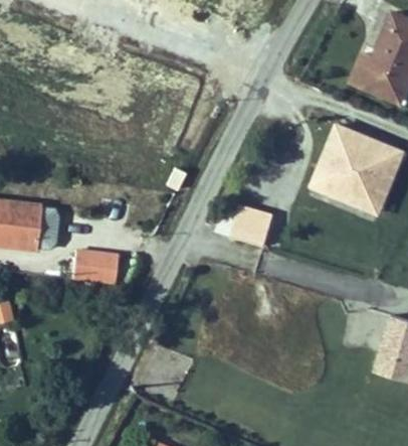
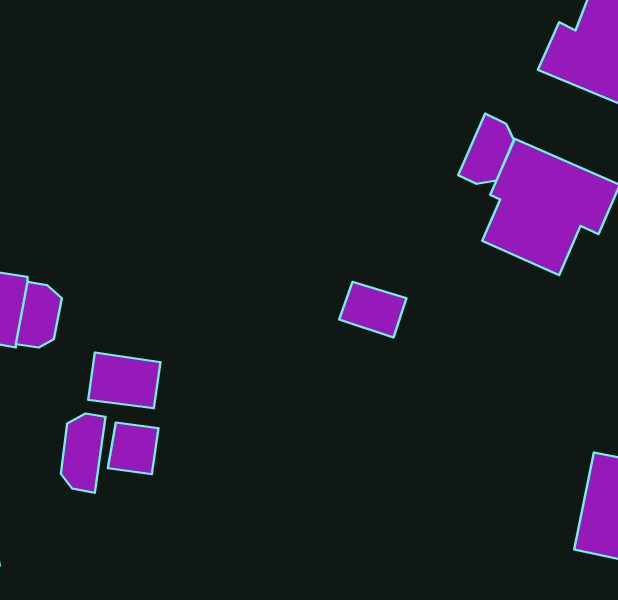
building: none -> [458,114,514,184]
building: none -> [61,414,105,493]
building: none -> [108,423,158,474]

